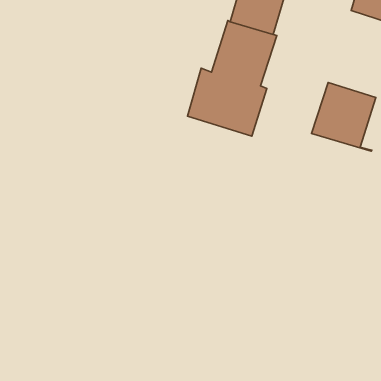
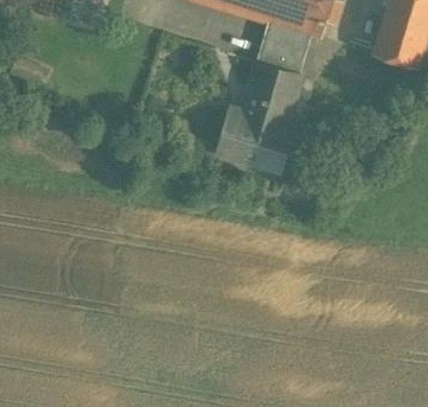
building: [312,83,376,151] -> none

